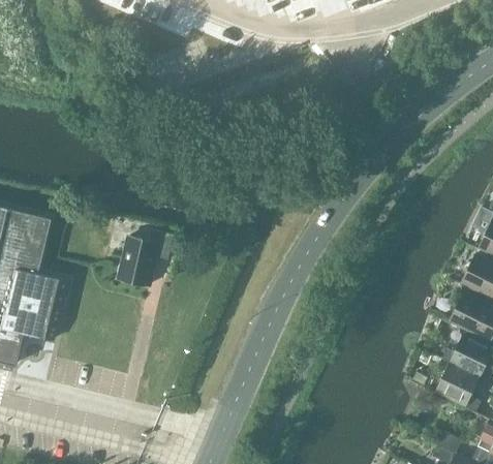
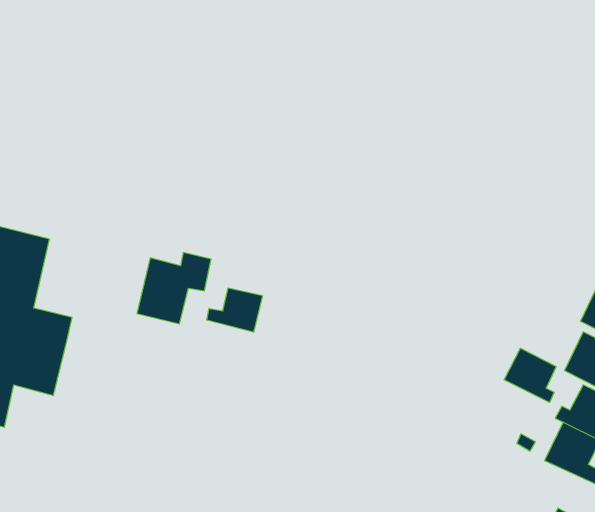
building: none -> [207,288,262,332]
building: none -> [504,348,556,402]

